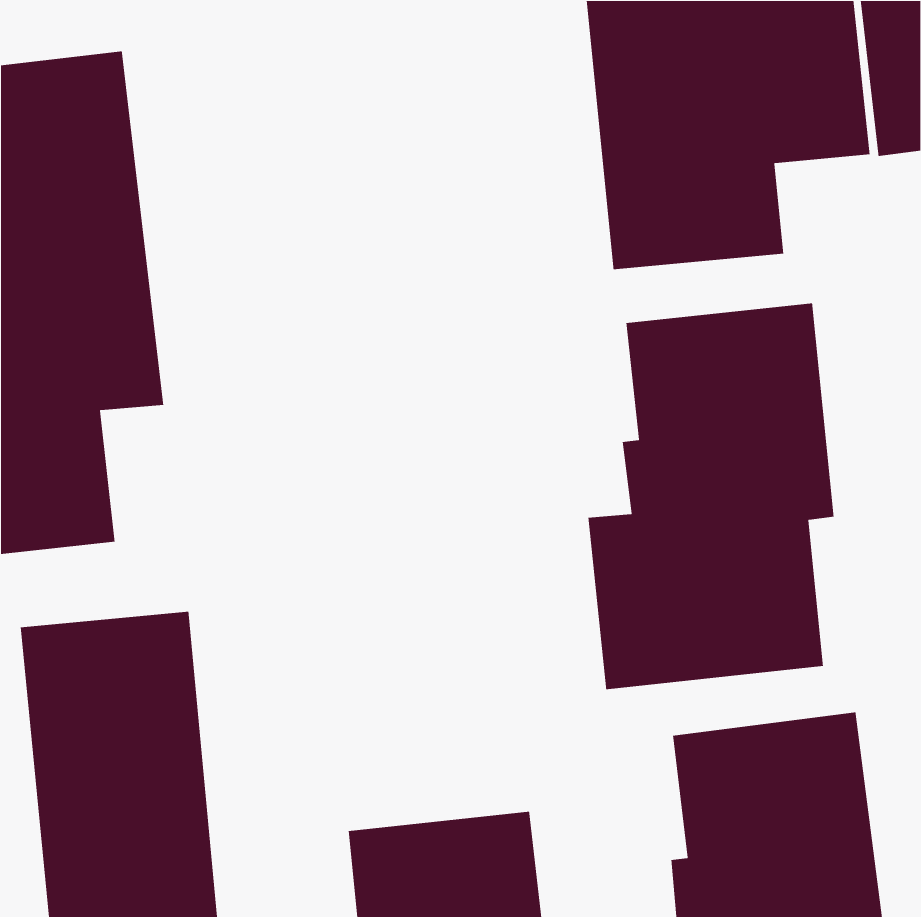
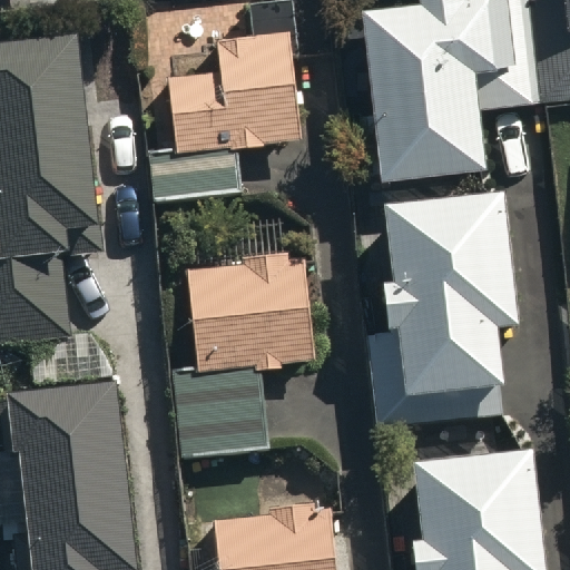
building: none -> [149,33,301,203]
building: none -> [174,254,314,459]

